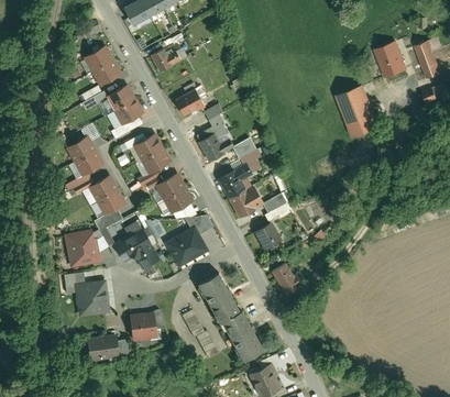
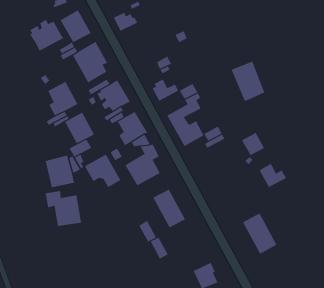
building: [374,41,407,78] -> none
building: none -> [29,19,64,52]
building: [173,86,208,117] -> none
building: [336,86,380,136] -> [230,61,265,101]
building: [253,221,283,251] -> [241,132,265,156]
building: [272,262,307,293] -> [259,163,287,188]
building: [222,307,266,360] -> [242,213,277,254]
building: [130,309,166,342] -> none
building: [87,333,130,361] -> none

